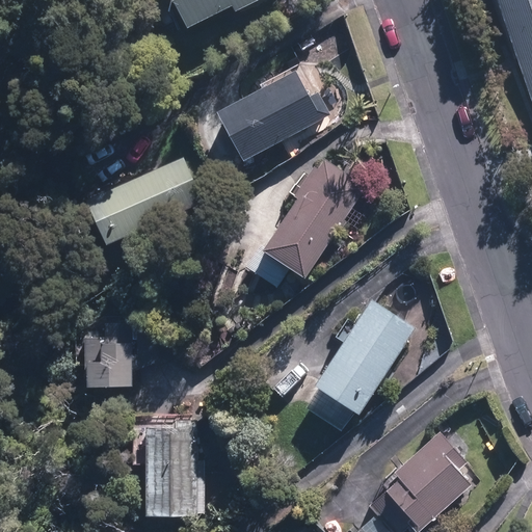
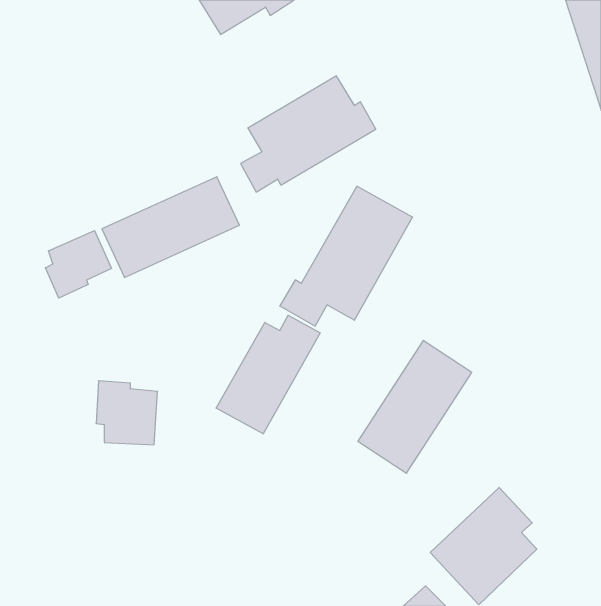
building: none -> [45,231,112,298]
building: none -> [216,315,320,434]
building: [147,417,204,517] -> none

